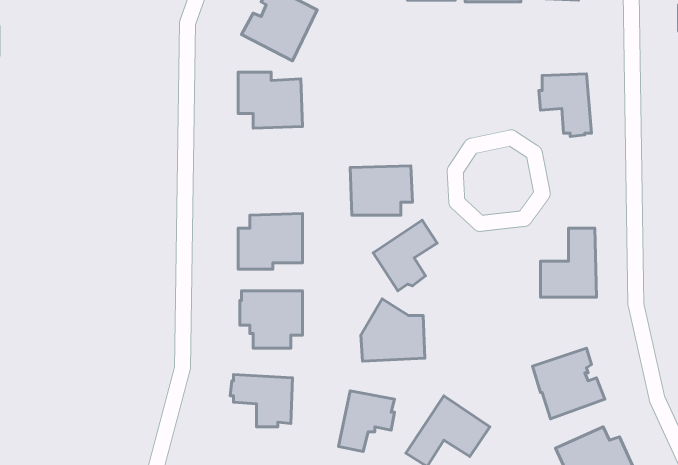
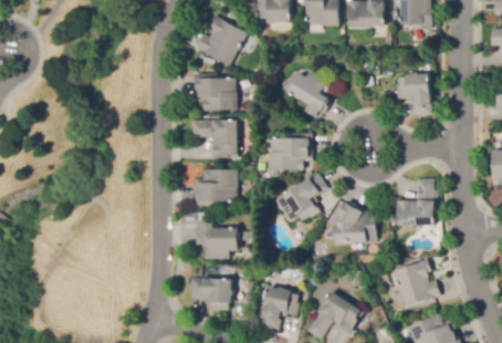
building: none -> [289,70,333,117]
building: none -> [190,119,238,156]
building: [361,299,425,361] -> [333,199,376,241]

